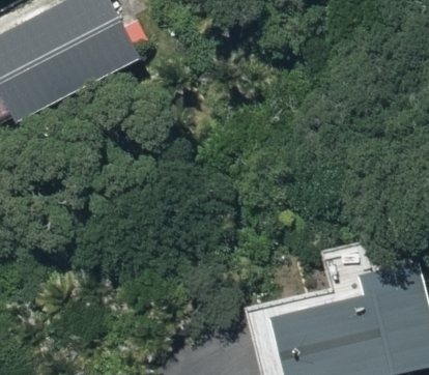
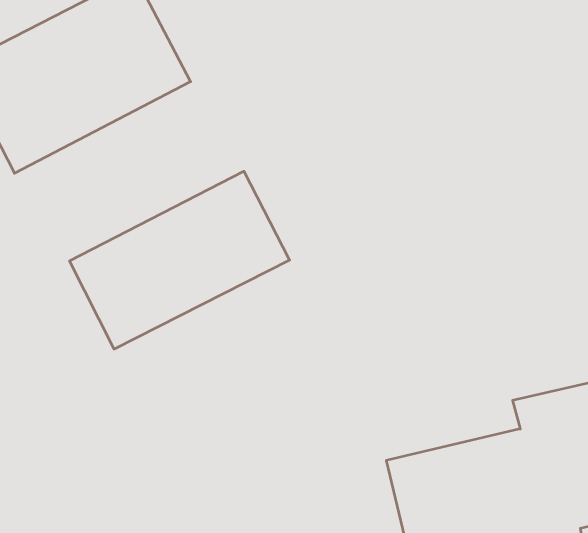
building: none -> [70,171,290,349]

